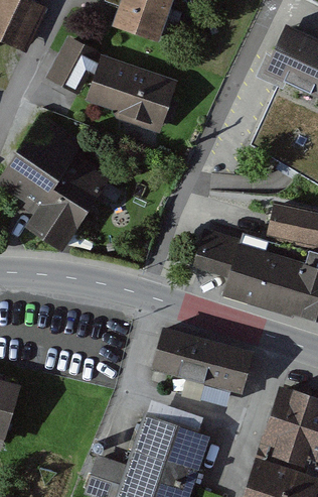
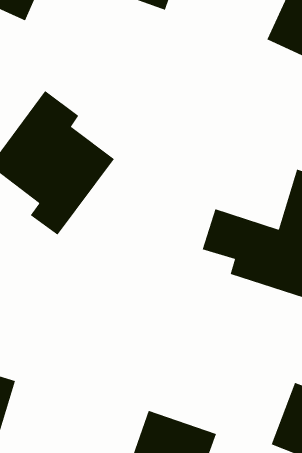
building: [51,40,172,131] -> none
building: [149,328,249,393] -> none

